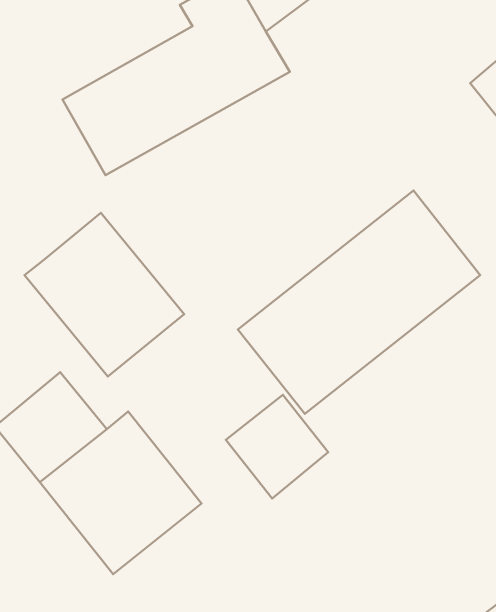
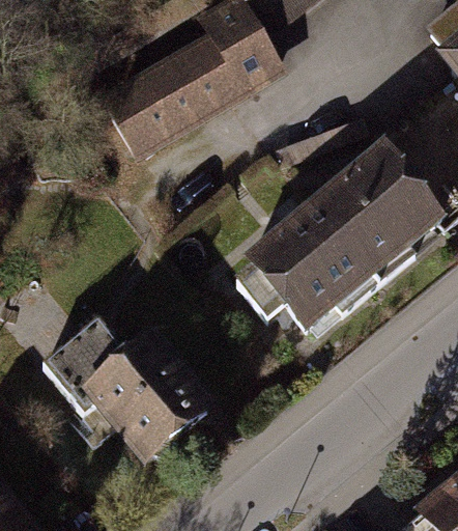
building: [25,213,184,376] -> none
building: [226,395,328,499] -> none

